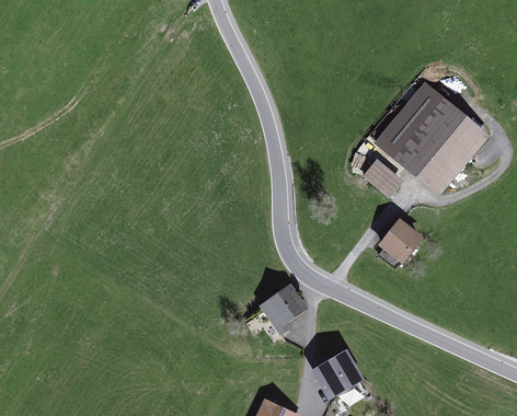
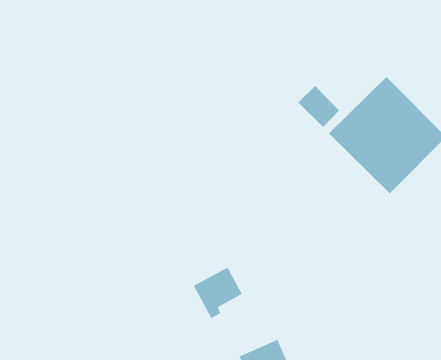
building: [361,158,403,198] -> [298,85,340,128]
building: [377,216,424,269] -> none

